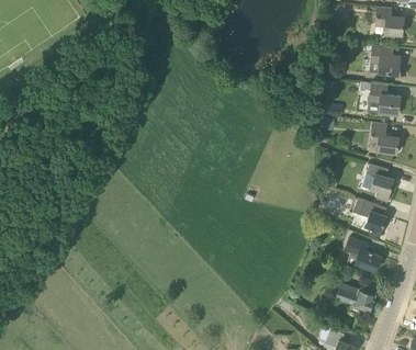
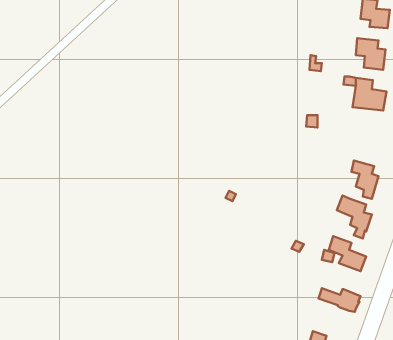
building: [371,123,398,154] -> none

